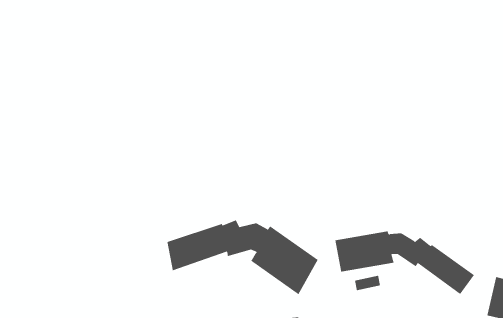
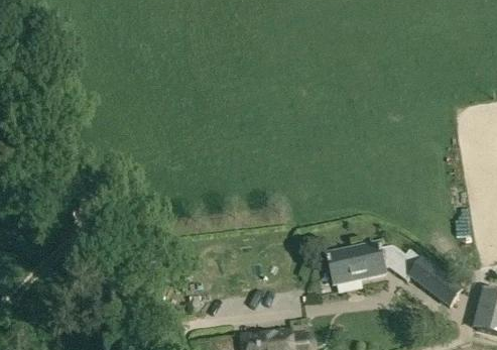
building: [167,219,318,295] -> none

